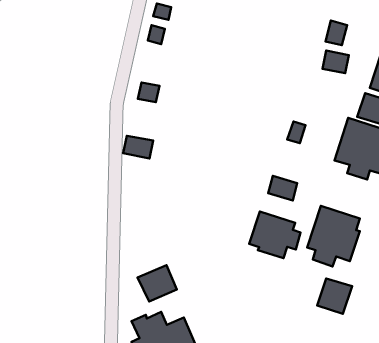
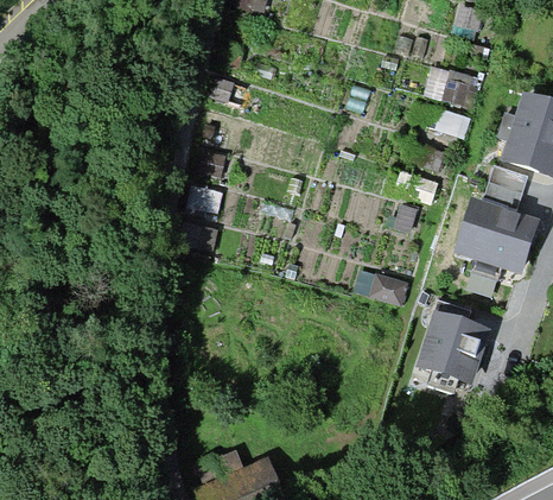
building: [249,211,301,258] -> none
building: [138,265,177,302] -> none
building: [317,279,352,314] -> none

